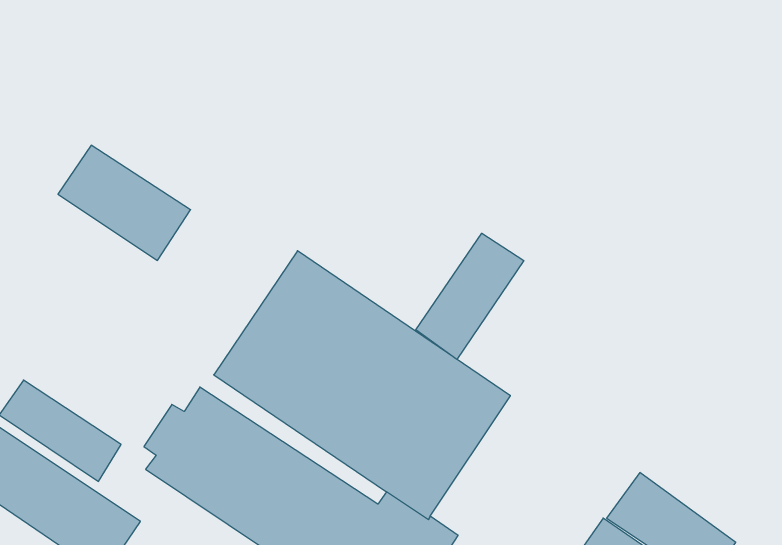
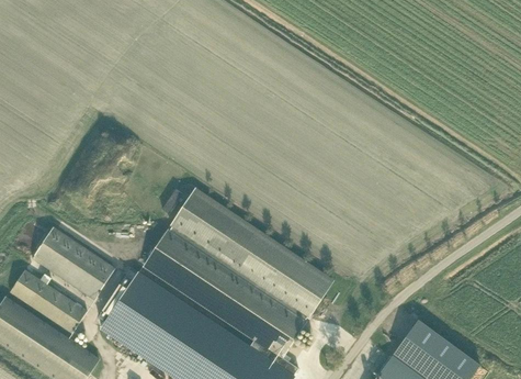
building: [58,145,191,260] -> [32,227,115,300]
building: [416,233,524,359] -> none

